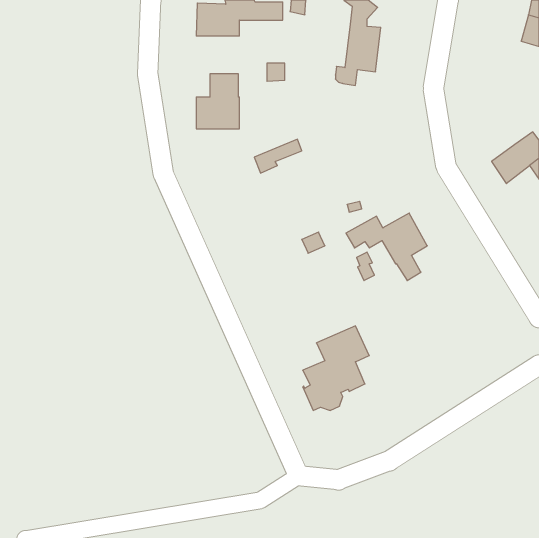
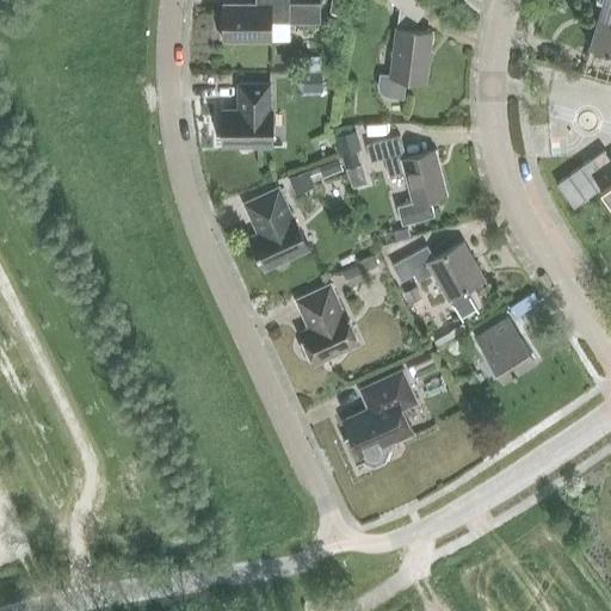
building: none -> [333,131,360,169]
building: none -> [366,136,446,226]
building: none -> [245,187,308,270]
building: none -> [297,284,358,365]
building: none -> [477,320,533,382]

